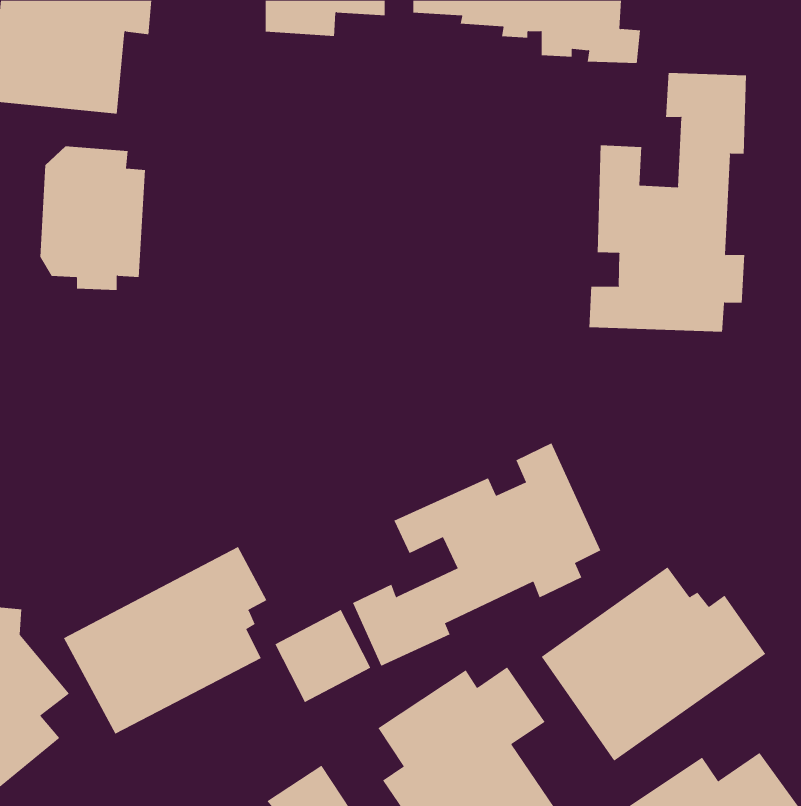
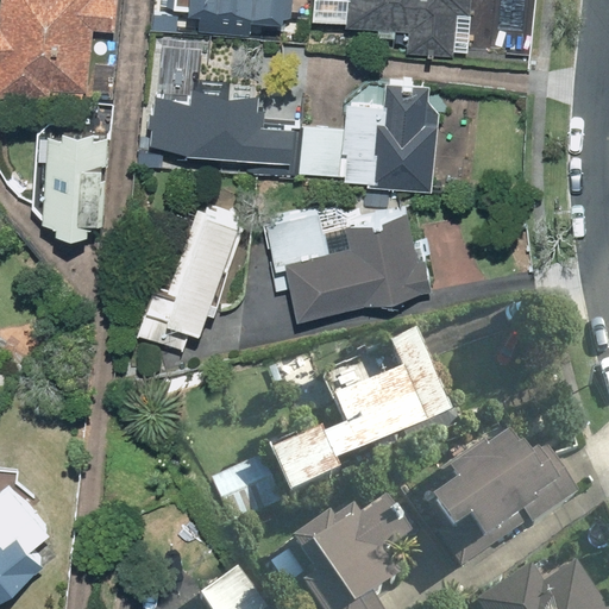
building: [589,72,747,332] -> none
building: none -> [150,70,437,187]
building: none -> [137,201,239,343]
building: none -> [266,202,431,309]
building: [63,546,267,735] -> none

